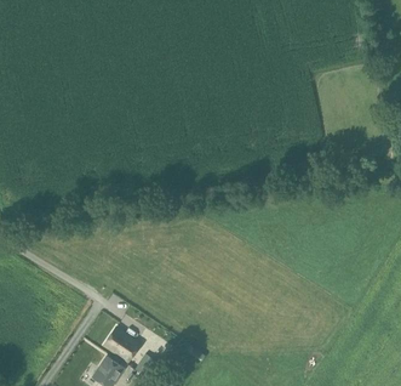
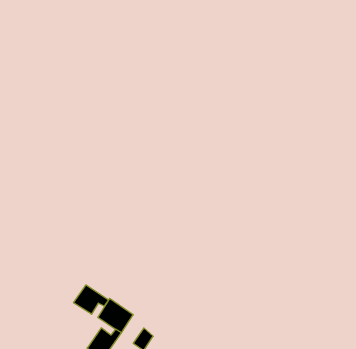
building: none -> [74,285,109,314]

